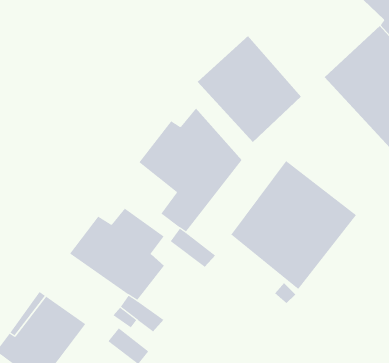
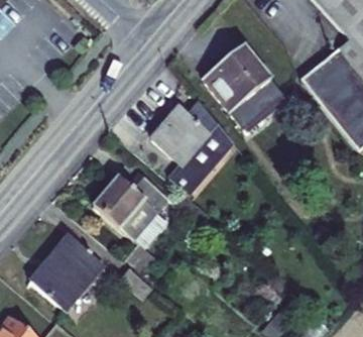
building: [230,160,357,290] -> none

